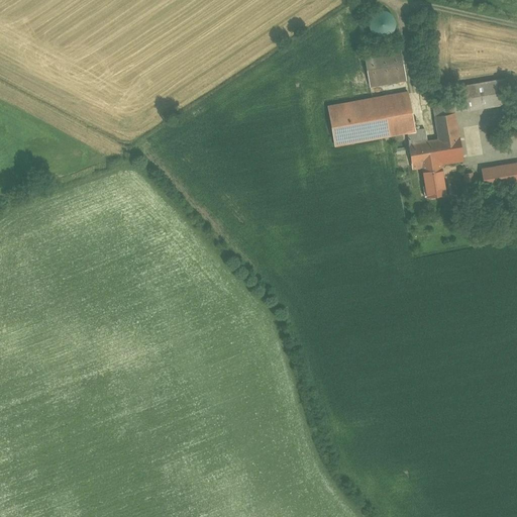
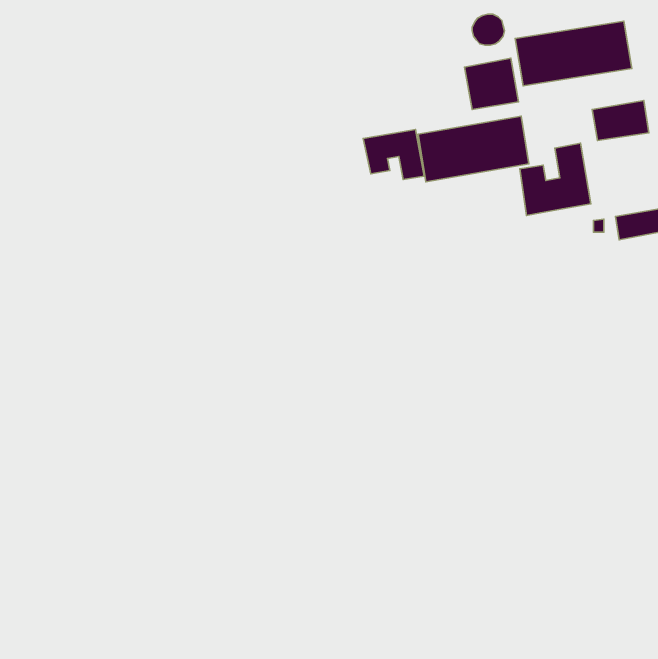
building: none -> [515,21,632,86]
building: none -> [363,130,424,179]
building: [424,164,446,197] -> none

